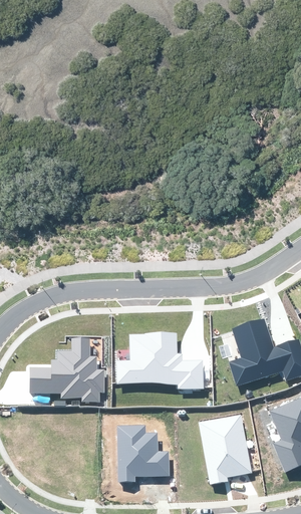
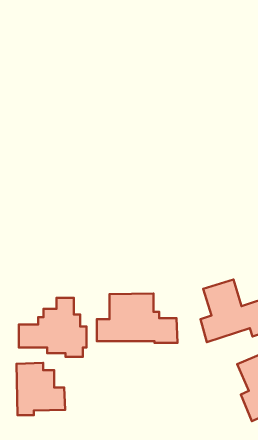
building: [198,414,252,484] -> none
building: [115,424,169,481] -> [16,363,65,415]

